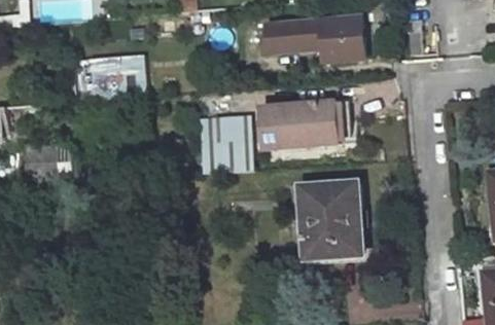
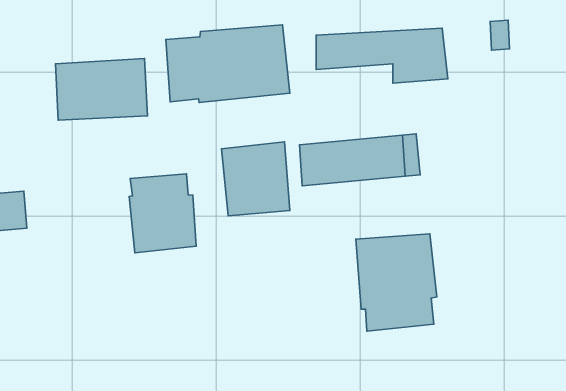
building: none -> [166,25,290,103]
building: none -> [129,174,196,253]

